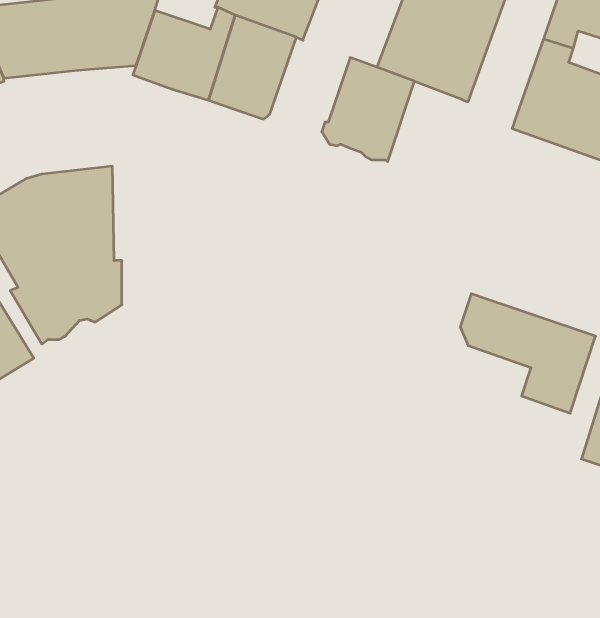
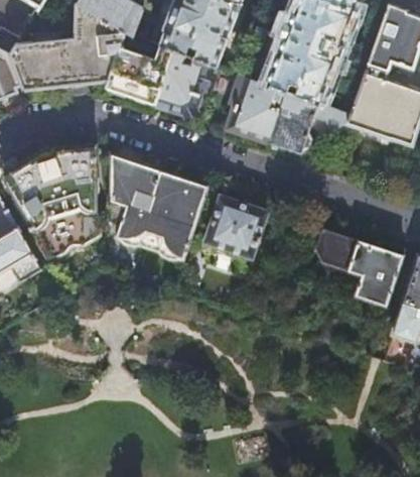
building: none -> [269,92,336,154]
building: none -> [111,153,206,259]
building: none -> [205,197,266,257]

